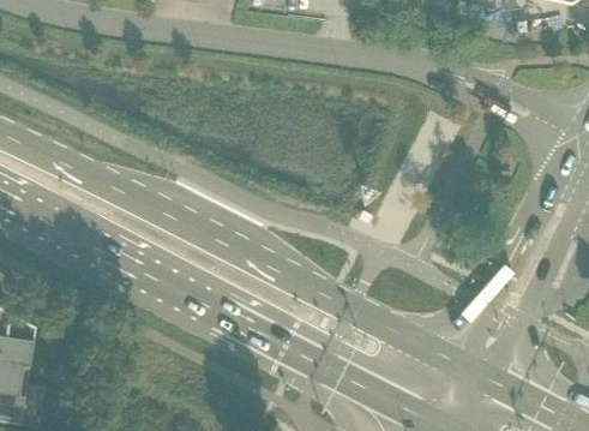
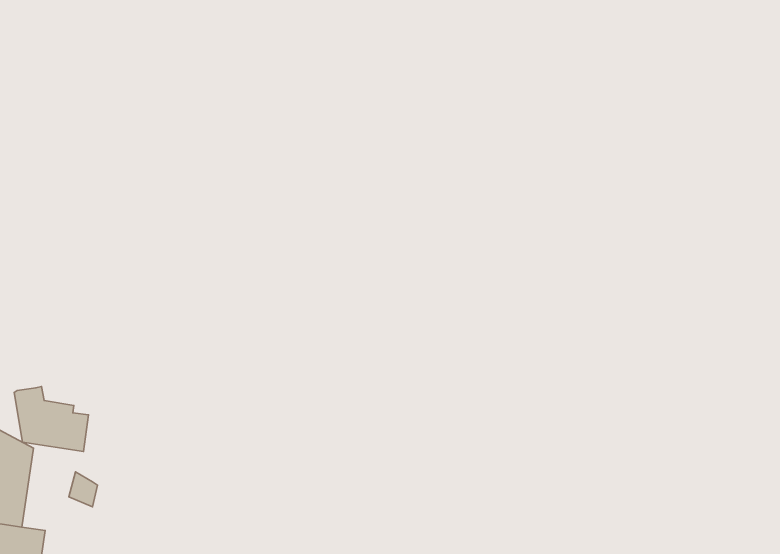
building: none -> [14,387,89,451]

